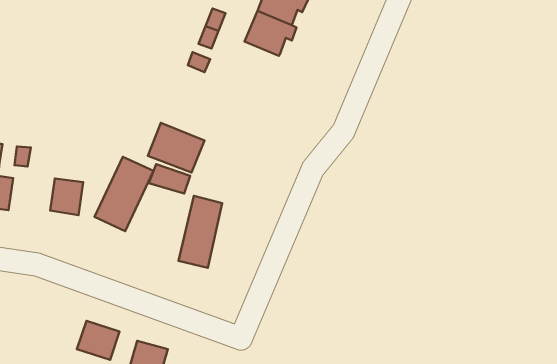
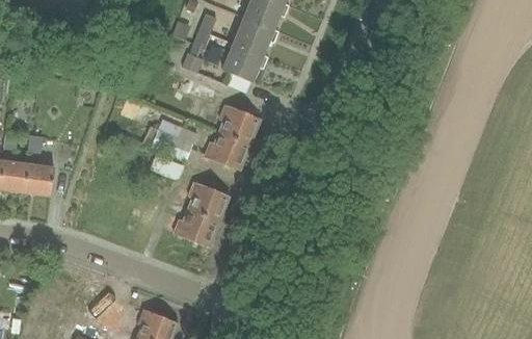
building: none -> [223,44,269,82]
building: [94,157,153,231] -> [203,102,255,167]
building: [50,179,83,215] -> [26,164,55,197]

